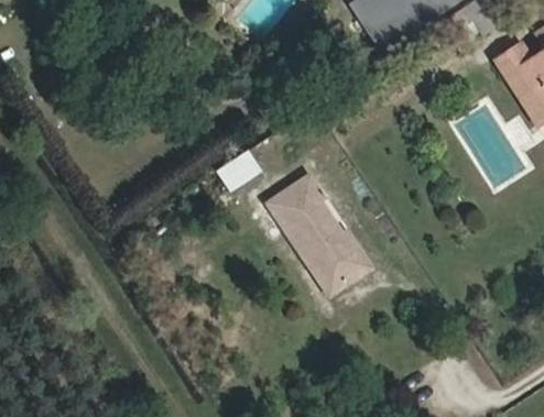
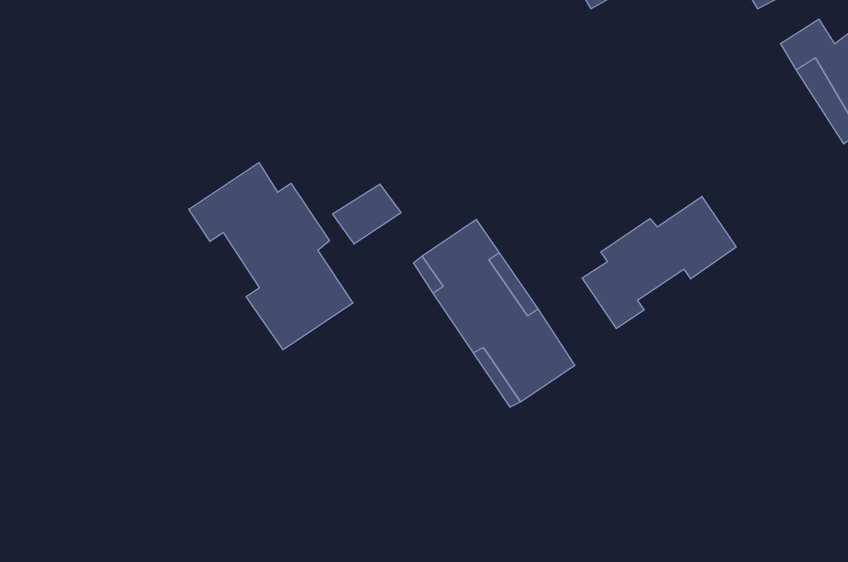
building: none -> [189,163,353,350]
building: none -> [582,196,736,329]

